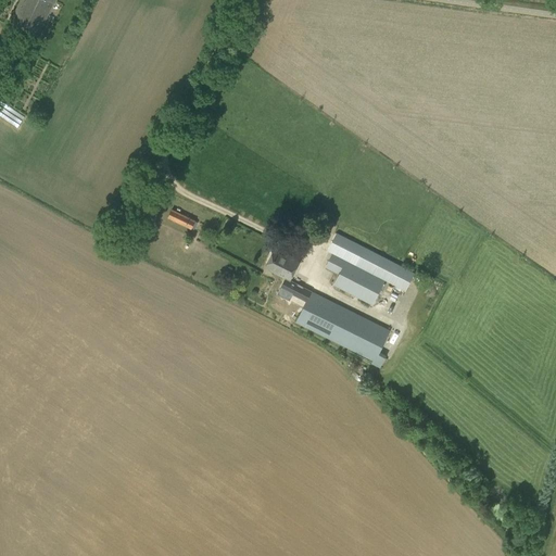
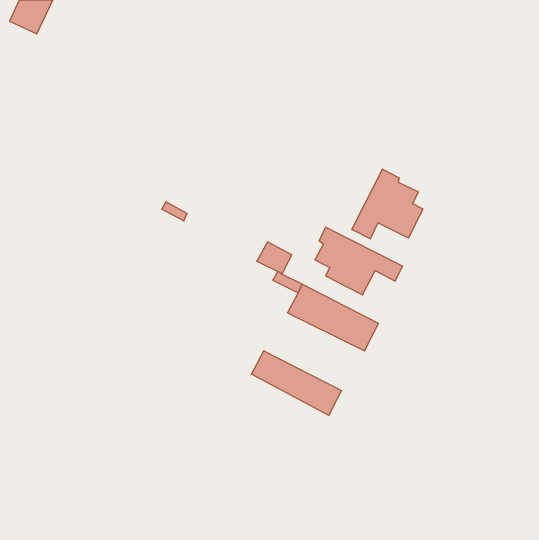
building: none -> [352,169,423,239]
building: none -> [251,351,341,415]

